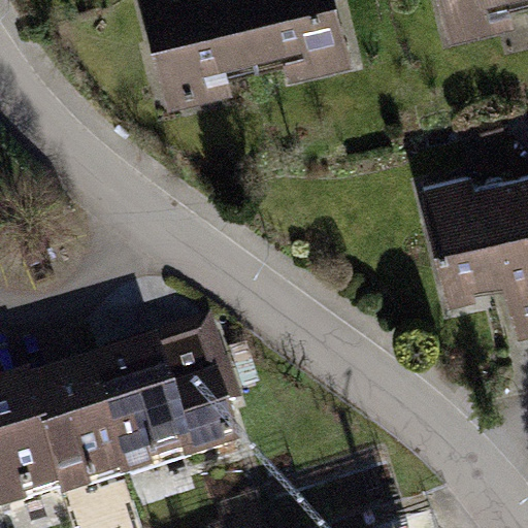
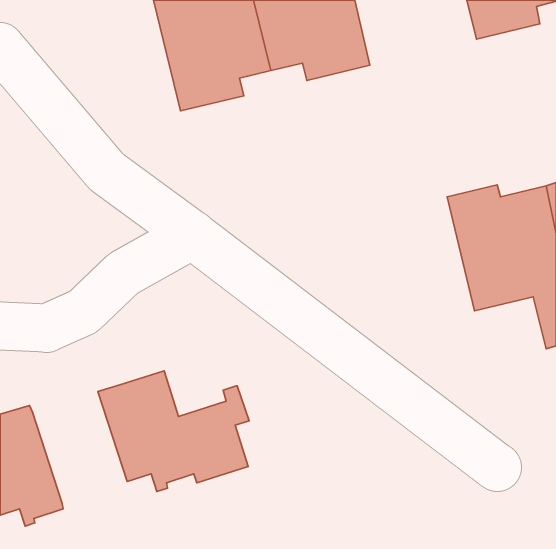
building: [109,327,224,401] -> none
building: [31,377,124,492] -> none

